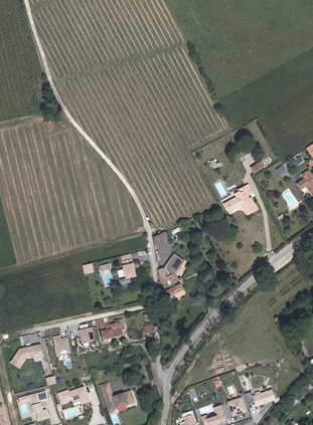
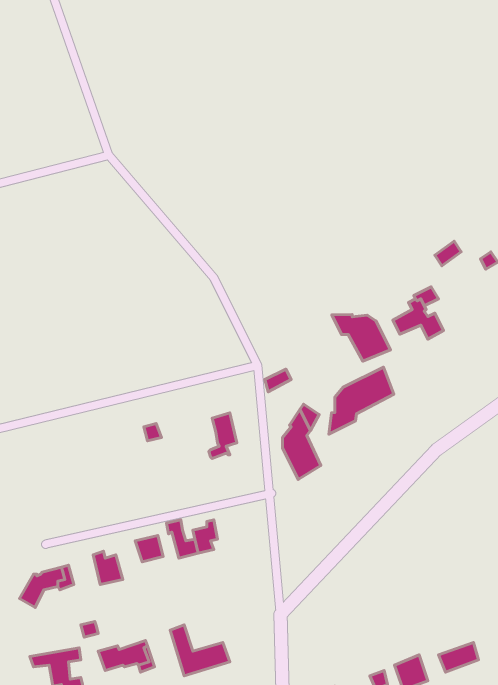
building: none -> [332,315,390,361]
building: none -> [329,367,394,434]

